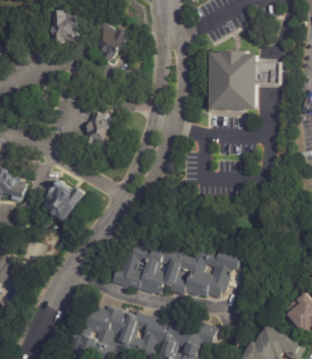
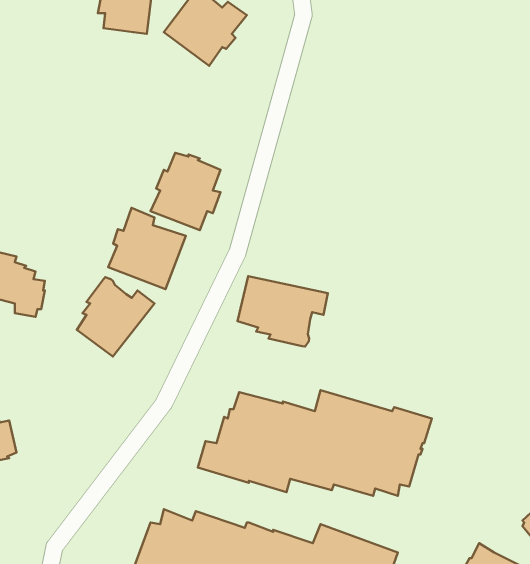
building: [211,51,281,110] -> none
building: none -> [108,208,186,289]
building: none -> [237,276,328,346]

